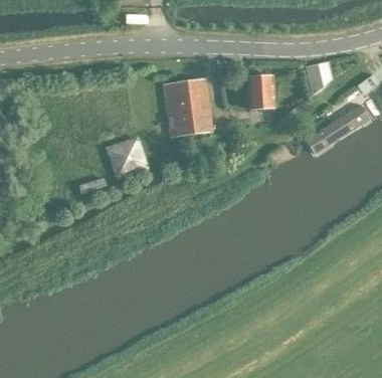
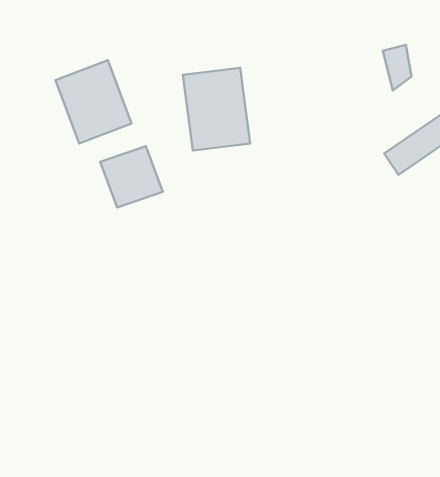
building: none -> [56,60,132,143]
building: [246,75,274,110] -> none

